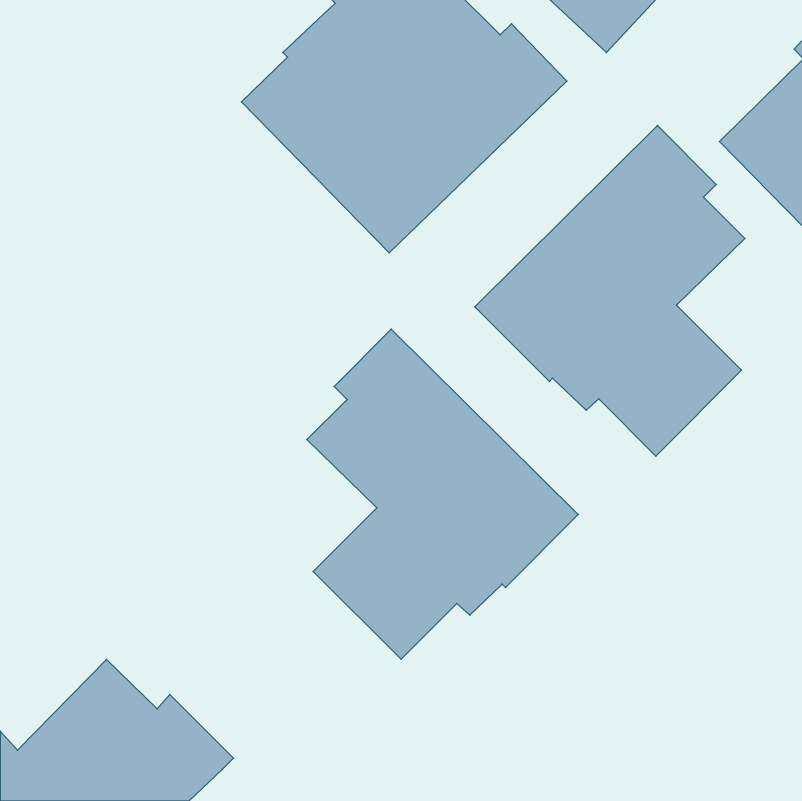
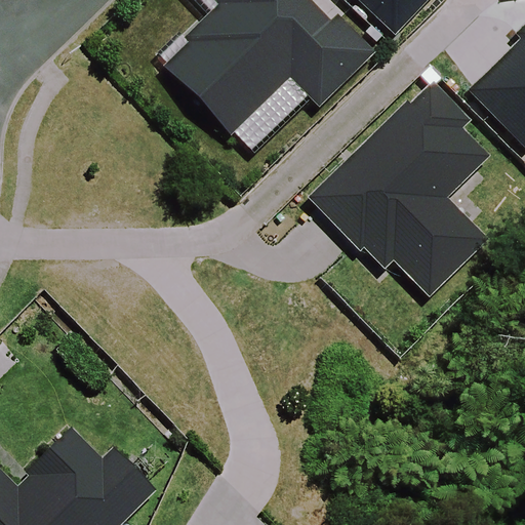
building: [307,329,578,659] -> none

